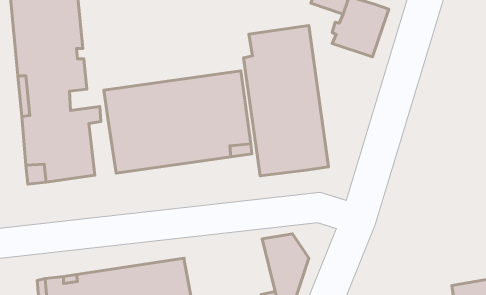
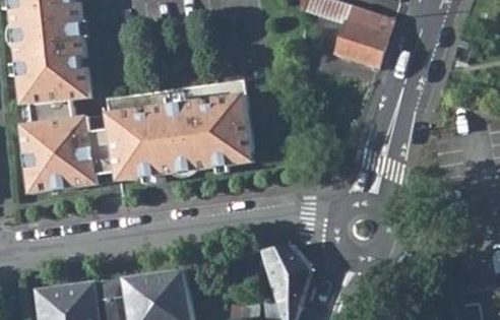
building: [243,26,329,176] -> none
building: none -> [89,130,117,185]

